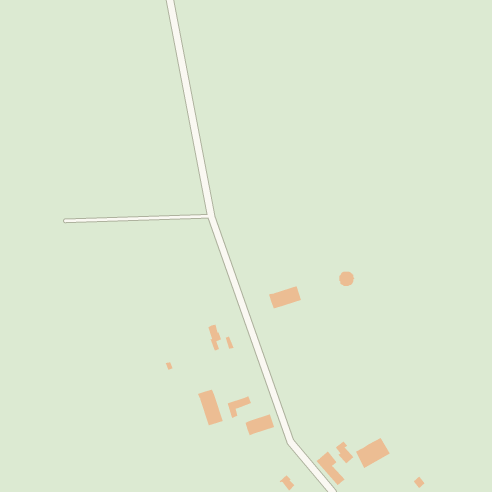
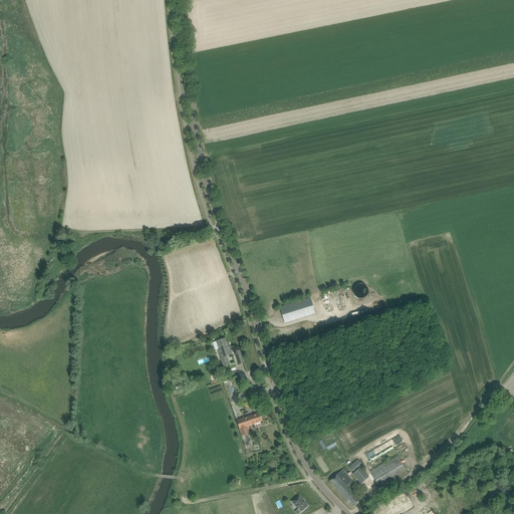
building: [197,389,224,426] -> none
building: [245,414,275,436] -> none

